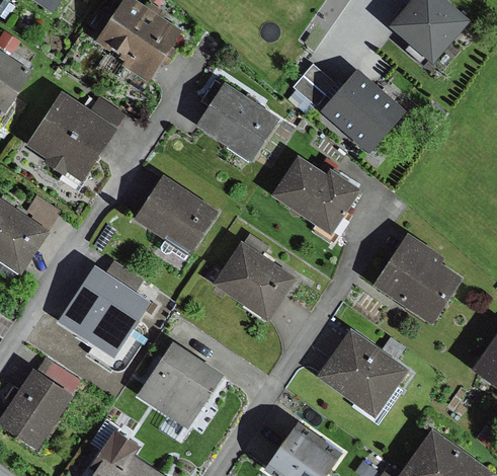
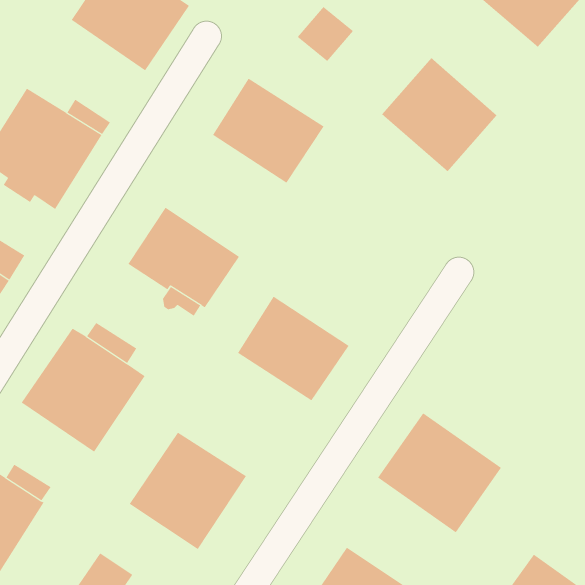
building: [292,66,333,106] -> [297,6,354,62]
building: [271,156,363,236] -> none
building: [372,233,462,323] -> none

